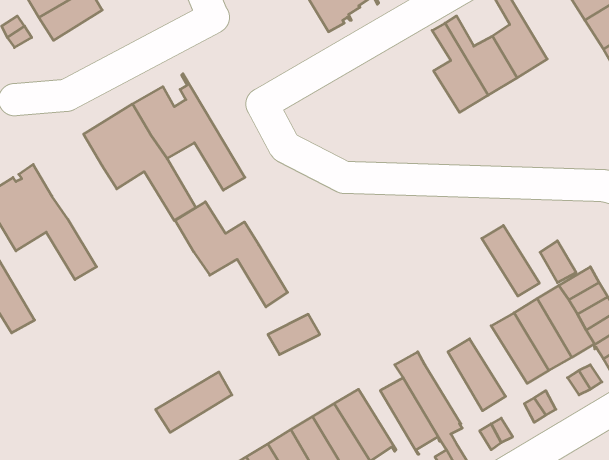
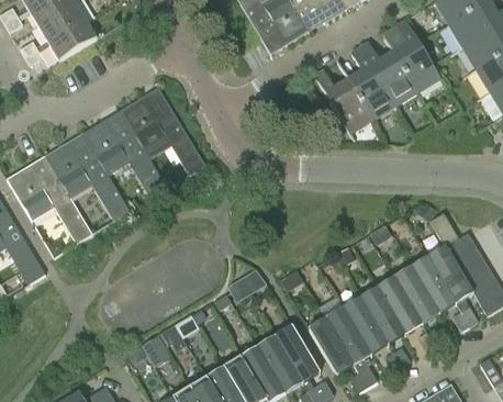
building: none -> [313,70,369,130]
building: [175,202,288,307] -> [44,141,130,221]
building: [482,225,539,296] -> [377,278,421,332]
building: none -> [343,298,387,353]

